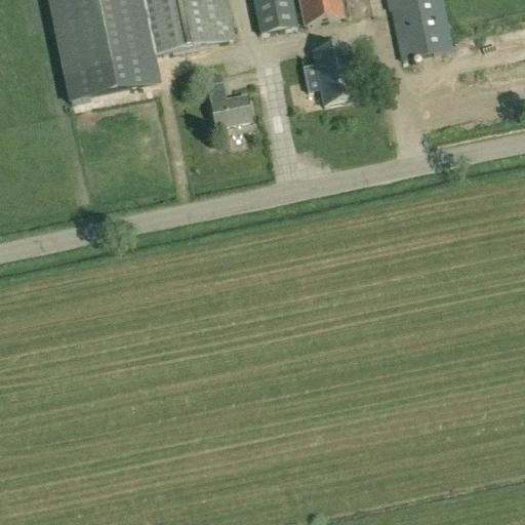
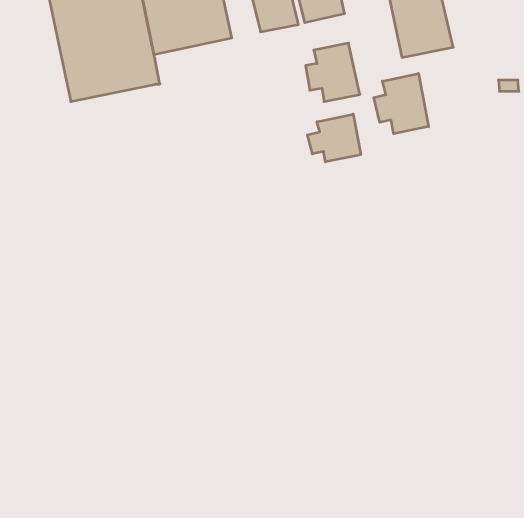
building: none -> [374,73,429,134]
building: [208,80,251,125] -> none
building: none -> [307,114,361,162]

